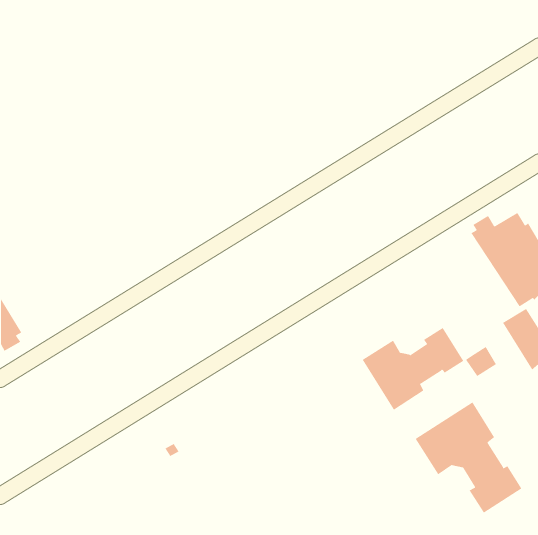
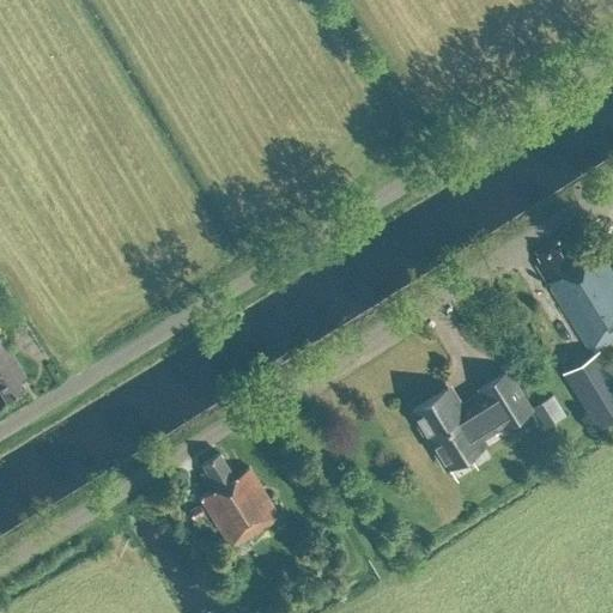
building: none -> [200,455,279,550]
building: [415,401,522,513] -> none

